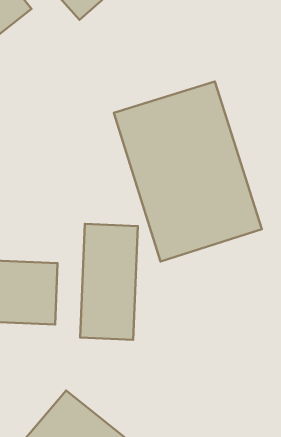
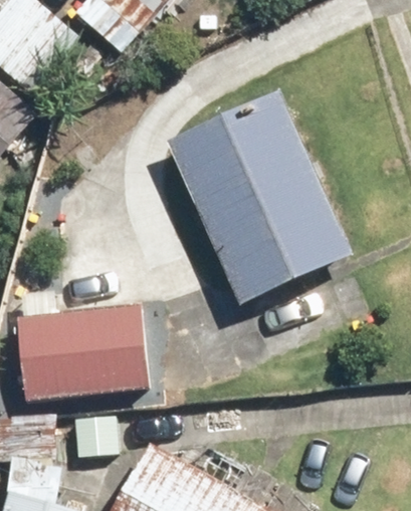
building: [80,224,138,340] -> none

